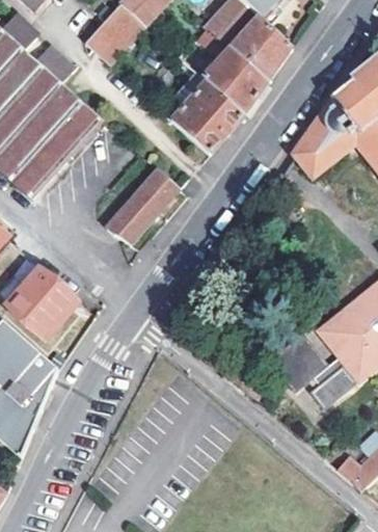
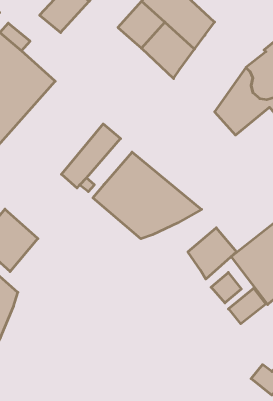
building: [163,71,244,153] -> none
building: none -> [93,152,202,239]
building: none -> [188,228,237,279]

